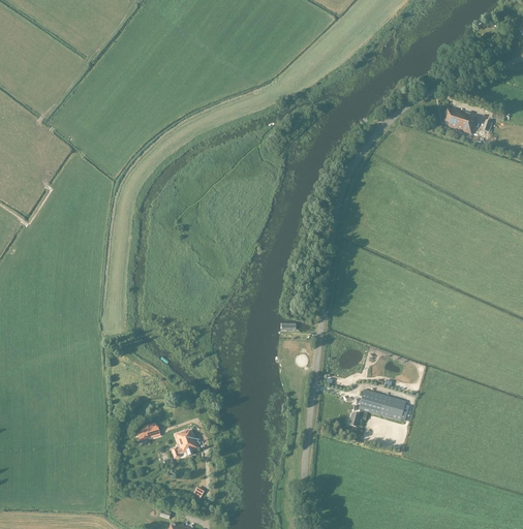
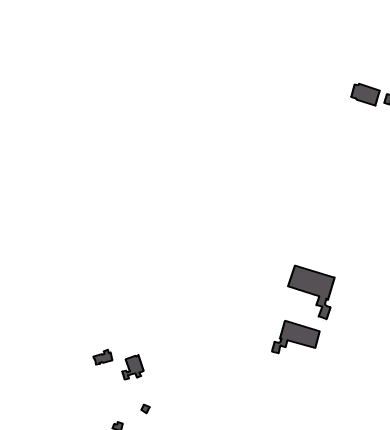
building: none -> [288,266,335,319]

